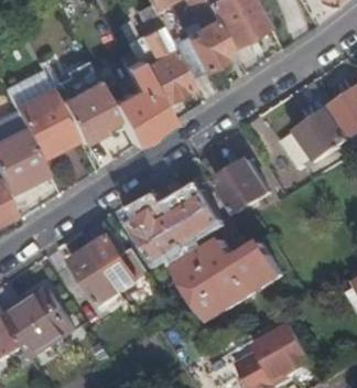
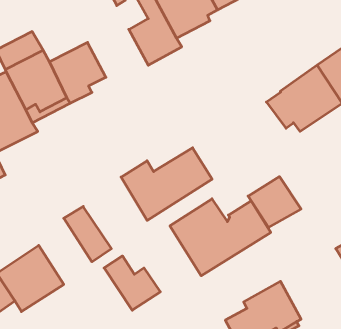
building: [93,56,167,144] -> none
building: [216,157,270,208] -> [248,177,301,228]
building: [93,234,150,289] -> [104,256,160,310]

